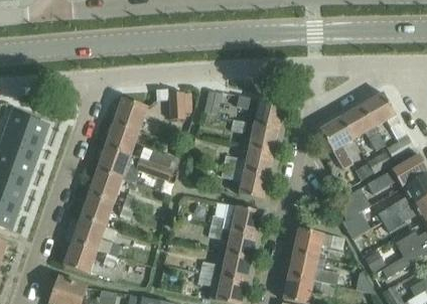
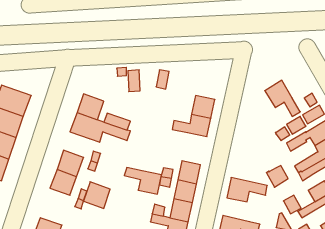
building: [362,93,396,127] -> none
building: [236,96,283,129] -> none
building: [114,98,147,131] -> none
building: [319,118,353,170] -> none
building: [222,166,268,199] -> [124,168,161,194]
building: [89,169,122,201] -> none
building: [340,188,370,219] -> none
building: [63,240,97,273] -> [84,182,110,208]
building: [288,252,339,285] -> none

